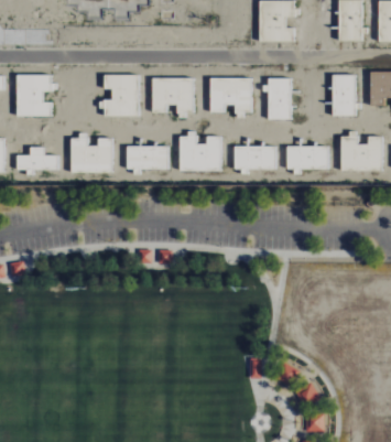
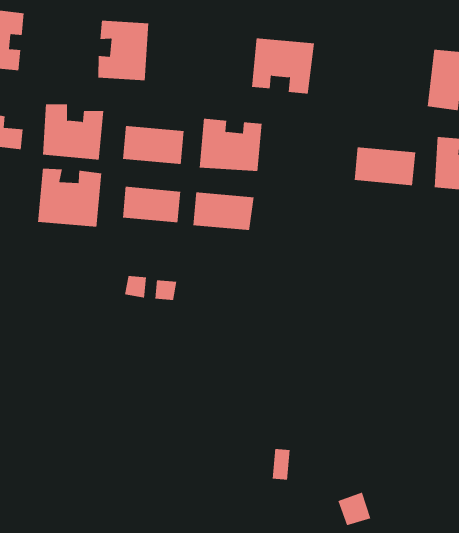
building: [152,78,193,115] -> none
building: [268,78,291,119] -> none
building: [235,147,275,170] -> [192,192,255,231]
building: none -> [38,168,102,227]
building: none -> [122,186,181,223]

